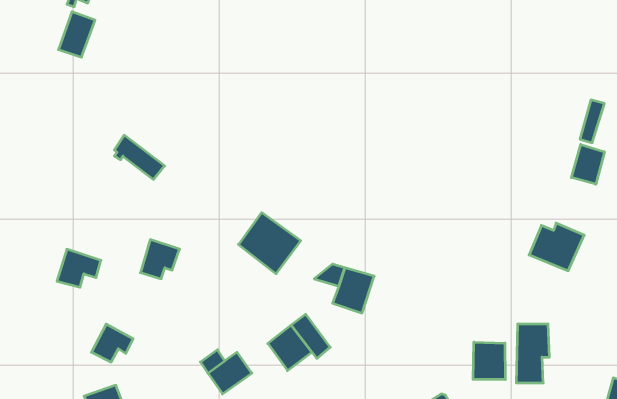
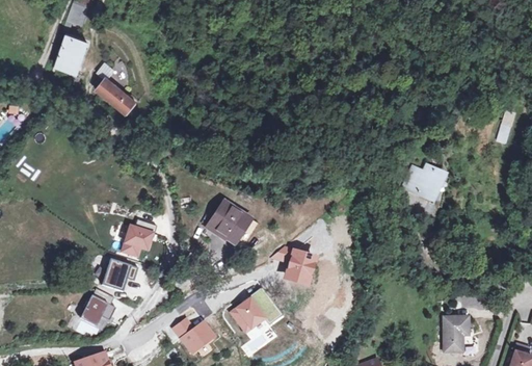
building: [114,135,165,179] -> [91,75,134,112]
building: [571,144,604,184] -> none
building: [529,223,584,271] -> [401,161,448,202]
building: [57,249,101,287] -> [102,259,139,291]
building: [473,342,505,380] -> none

